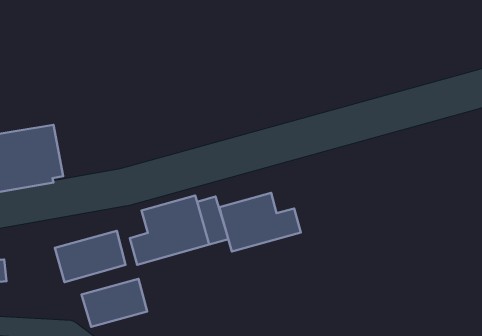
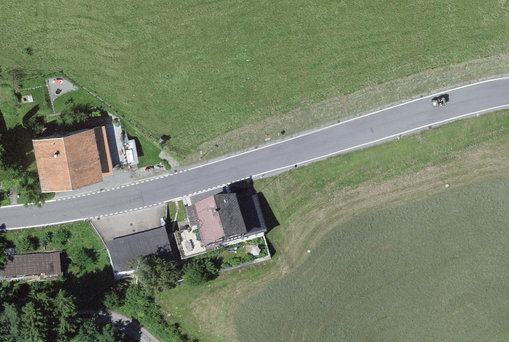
building: [220,193,301,251] -> none
building: [81,279,147,327] -> none

